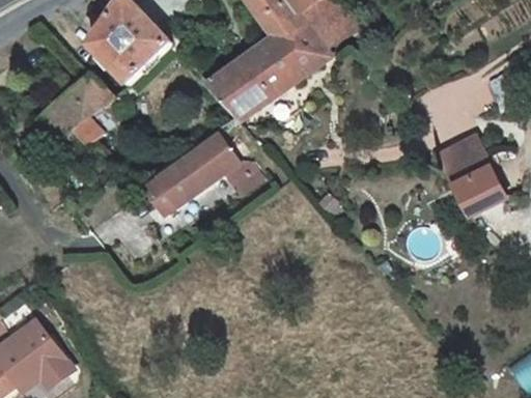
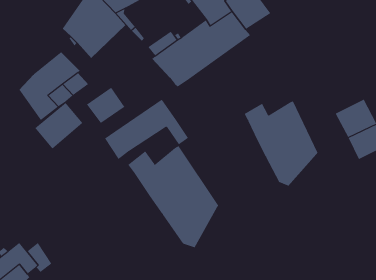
building: none -> [86,87,125,124]
building: none -> [244,100,318,187]
building: none -> [34,102,83,149]
building: none -> [127,145,219,248]

